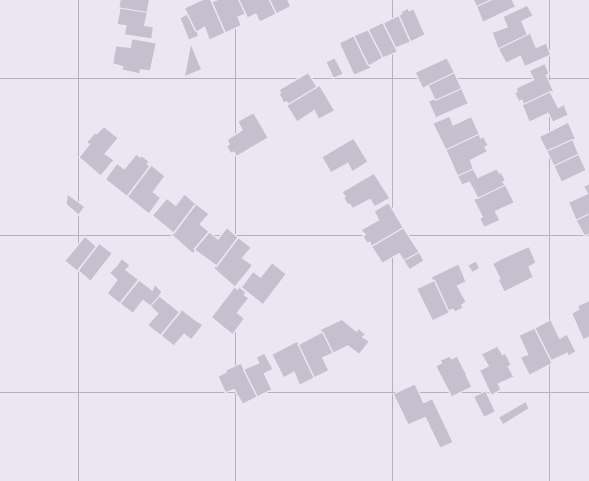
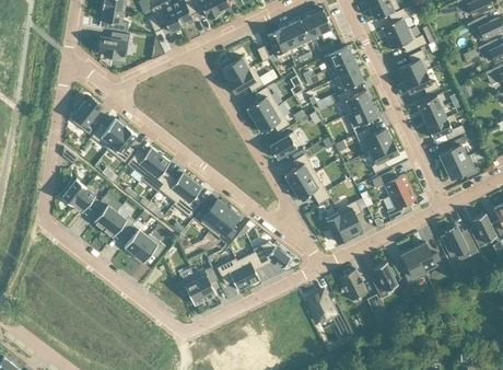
building: [226,113,269,156] -> [246,86,278,119]
building: none -> [372,169,409,195]
building: [211,287,249,335] -> [210,207,238,243]

